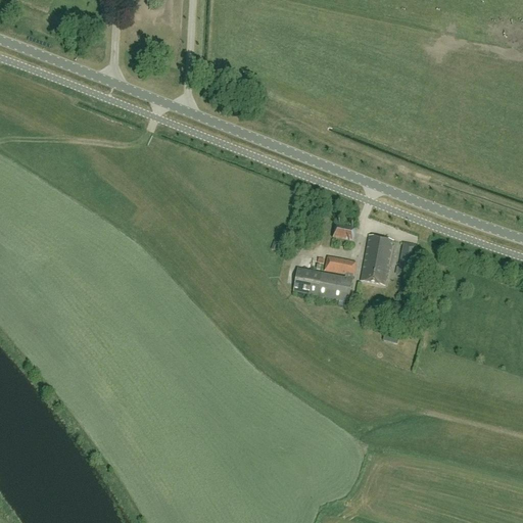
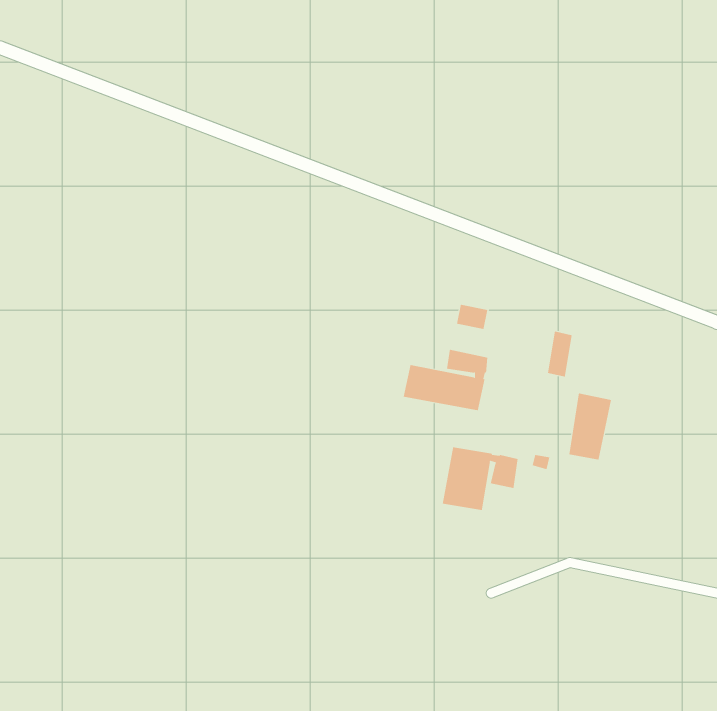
building: [362,235,393,284] -> [568,393,612,460]
building: none -> [442,447,518,511]

